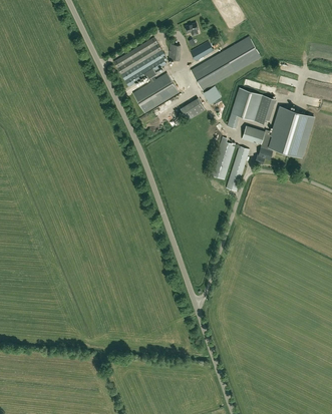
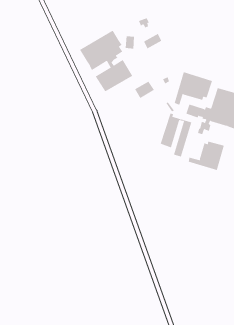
building: [191,36,262,90] -> none
building: none -> [188,141,225,171]

